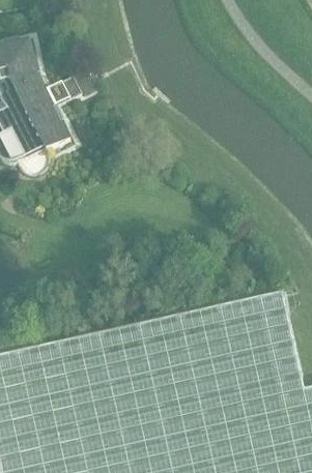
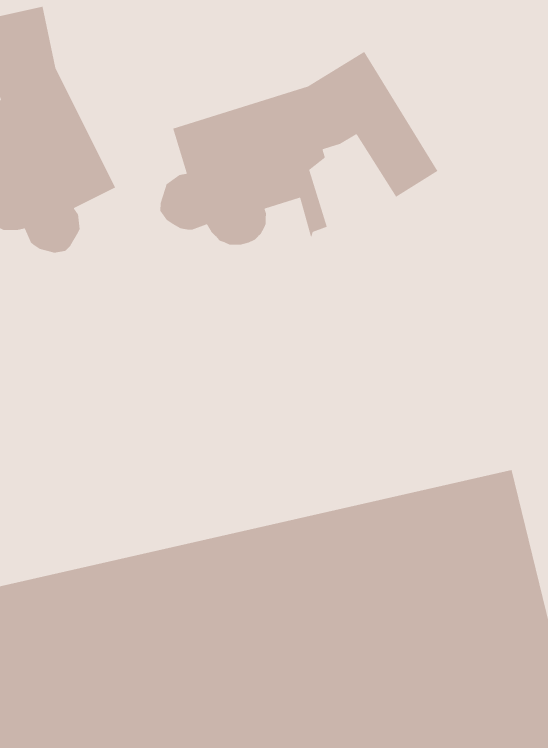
building: none -> [159,51,439,246]

